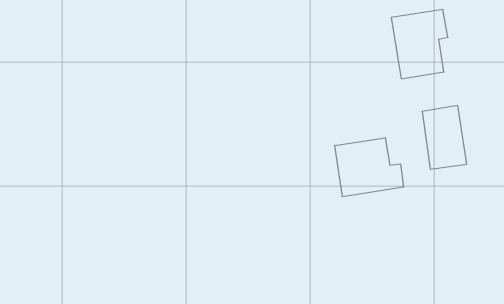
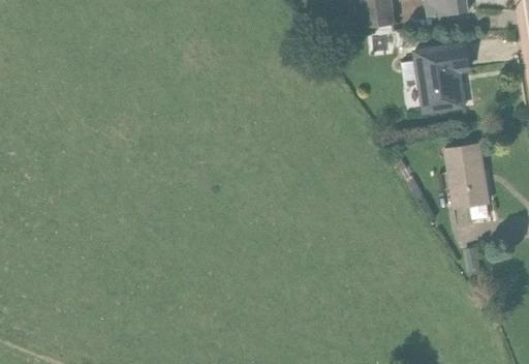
building: [335,138,403,197] -> none

